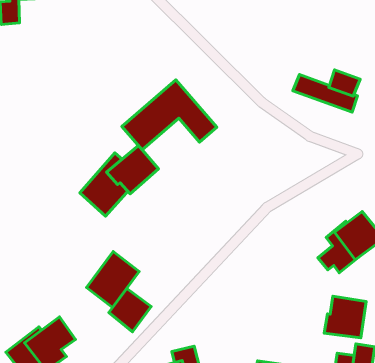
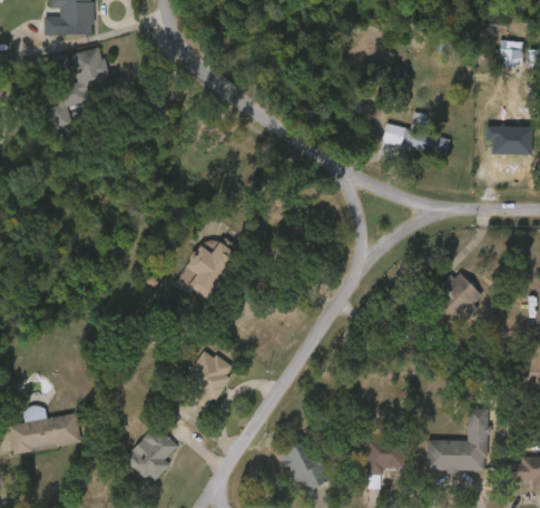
building: [122,80,217,150] -> none
building: [109,288,151,332] -> none
building: [324,296,366,338] -> none

